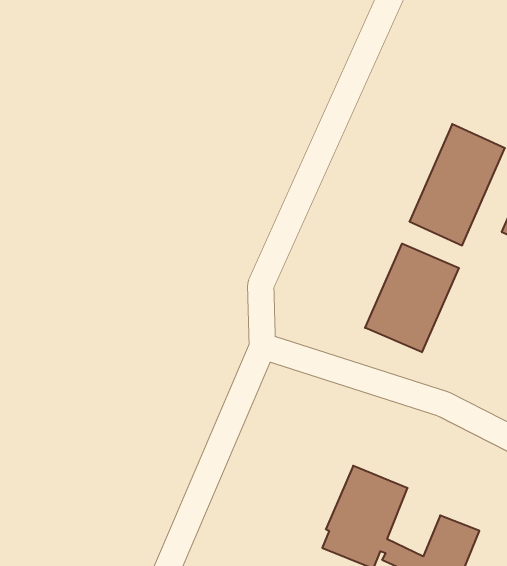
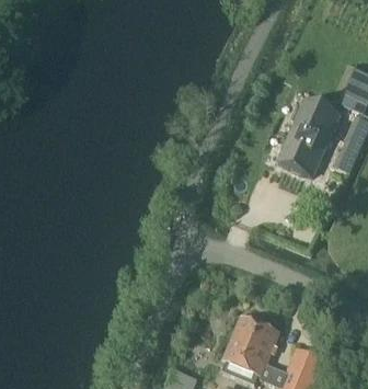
building: [365,244,459,352] -> none

